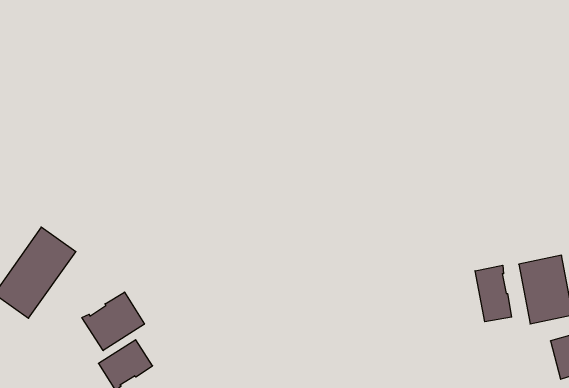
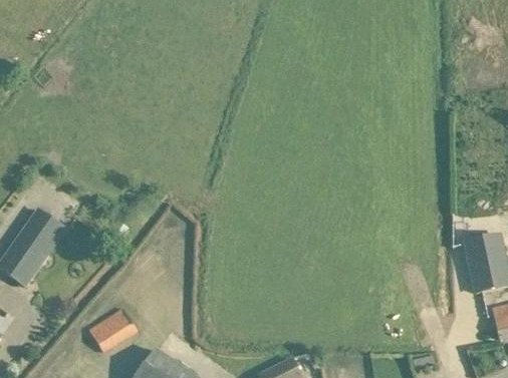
building: [475,265,512,322] -> none
building: [82,292,144,351] -> none

